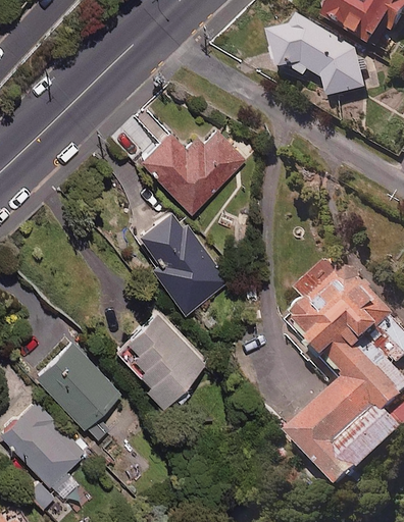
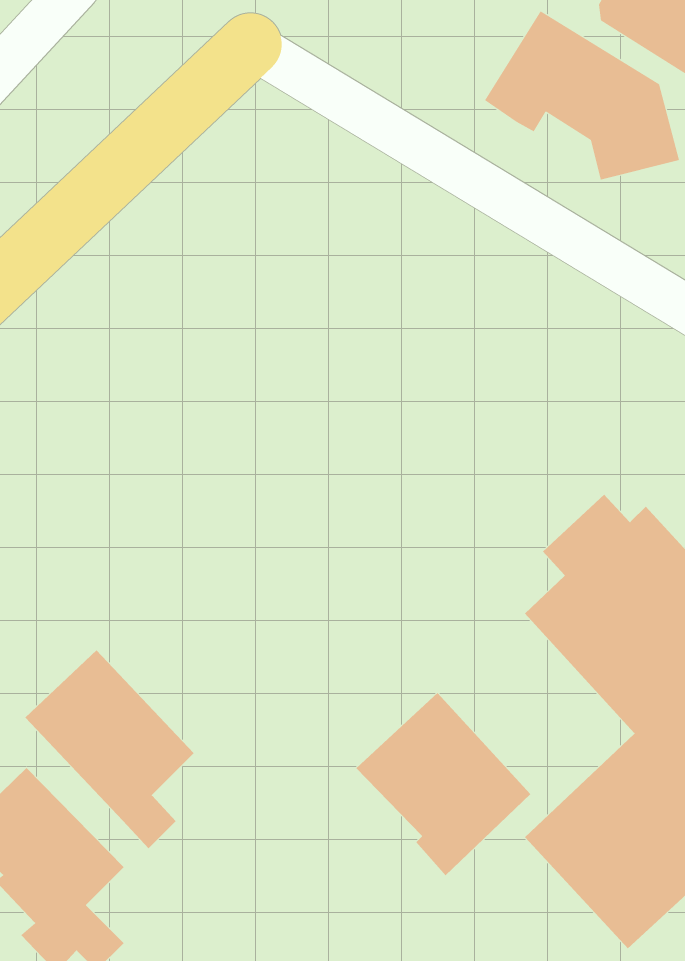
building: [139,128,244,211] -> none
building: [132,207,226,310] -> none
building: [113,310,203,404] -> [355,692,531,876]

